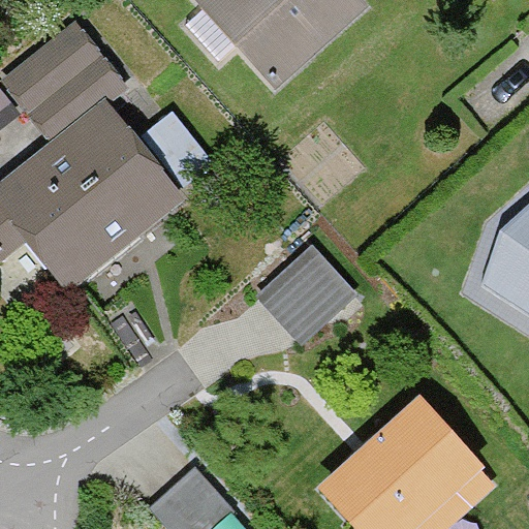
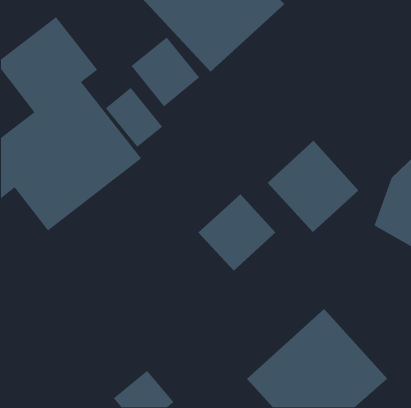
building: none -> [131,36,200,108]
building: none -> [267,140,359,233]

